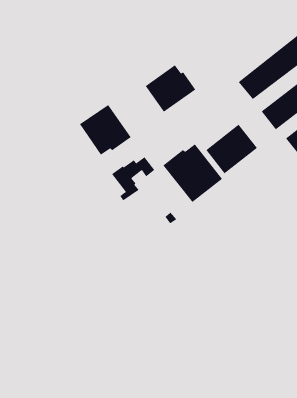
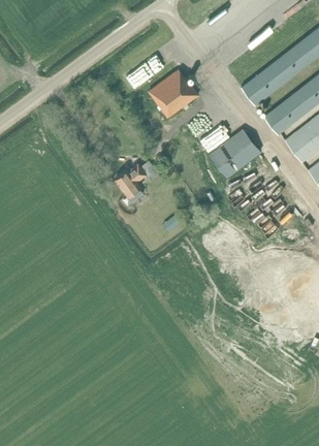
building: [79,104,132,156] -> none
building: [163,143,223,203] -> none

